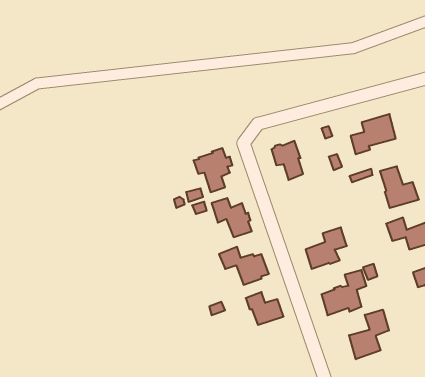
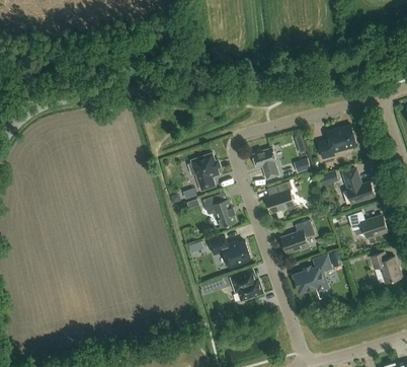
building: none -> [266,180,294,213]
building: [349,310,389,359] -> none

